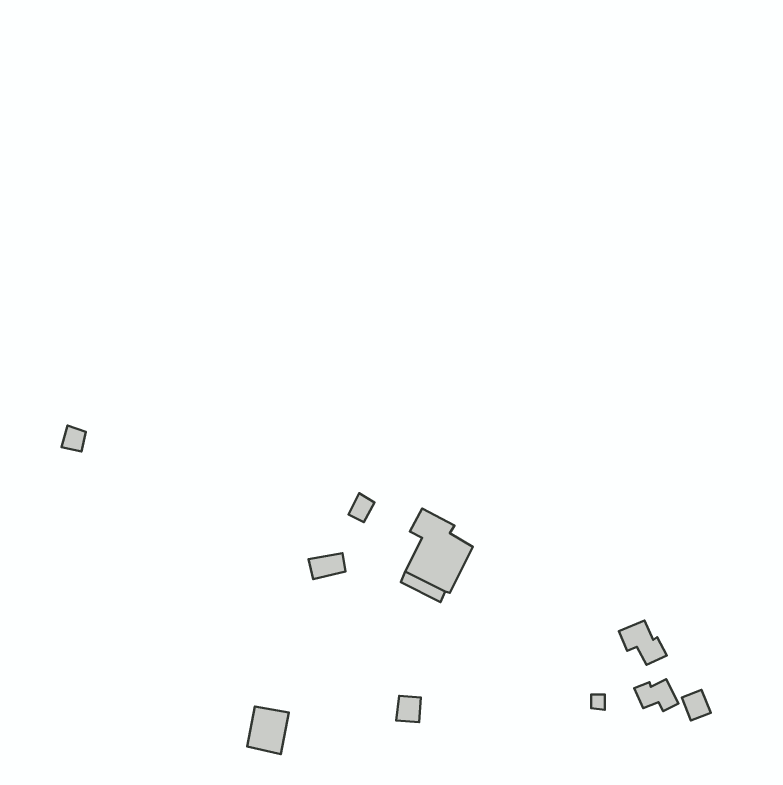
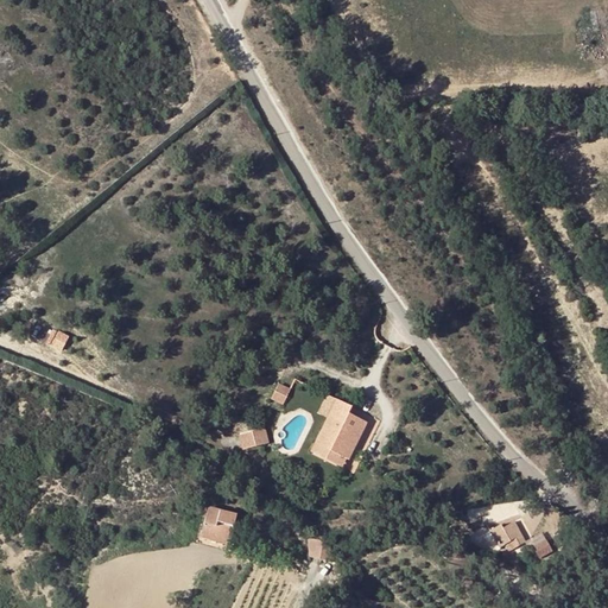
building: [619,620,667,665] -> none
building: [247,706,289,754] -> [197,506,229,543]

